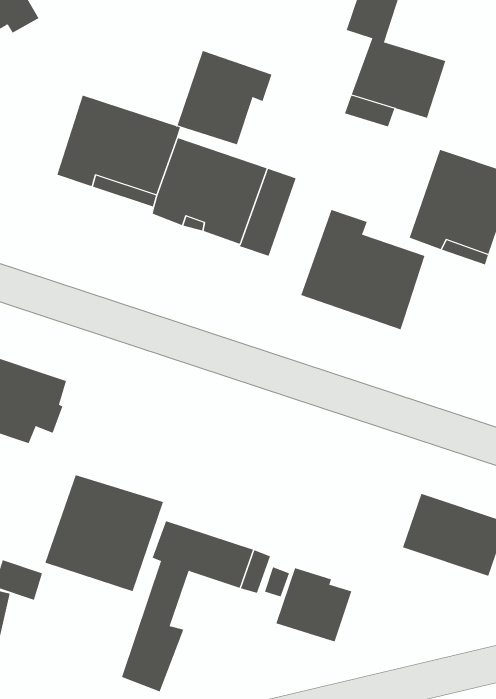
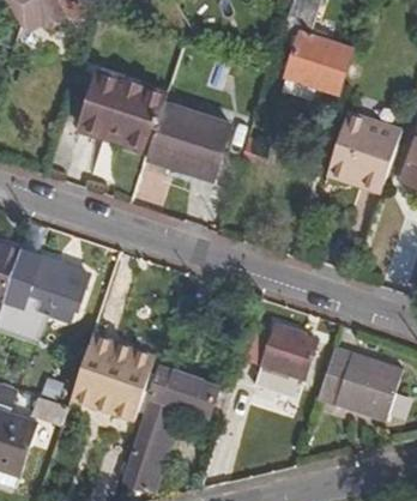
building: [177,50,272,145] -> none
building: [301,209,425,330] -> none
building: [276,567,352,642] -> [262,326,316,379]

